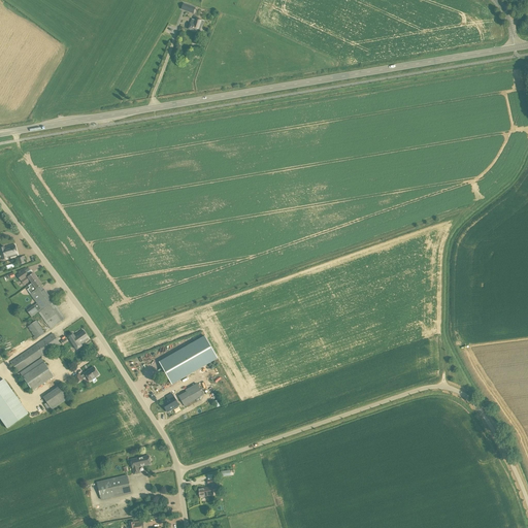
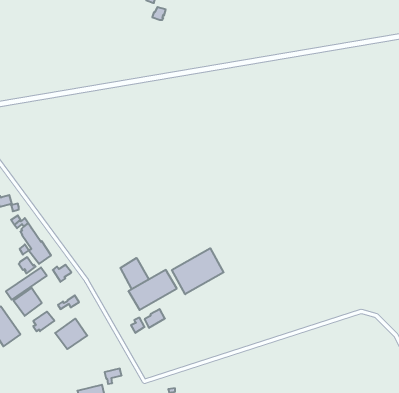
building: none -> [172,248,224,294]
building: none -> [120,258,149,289]
building: none -> [55,319,87,349]

